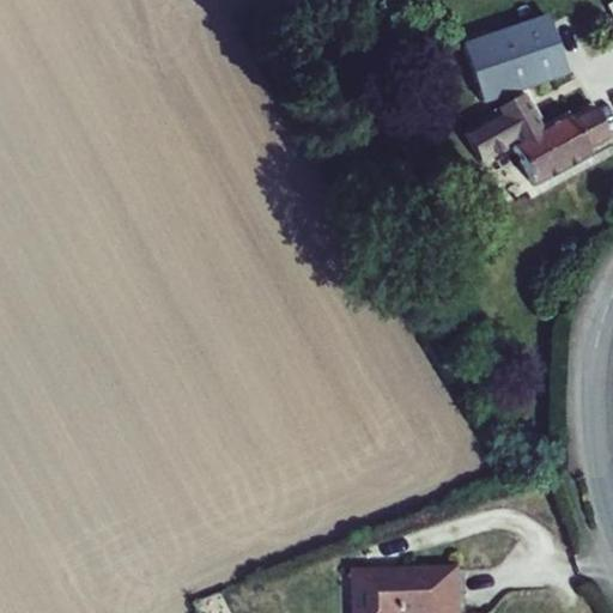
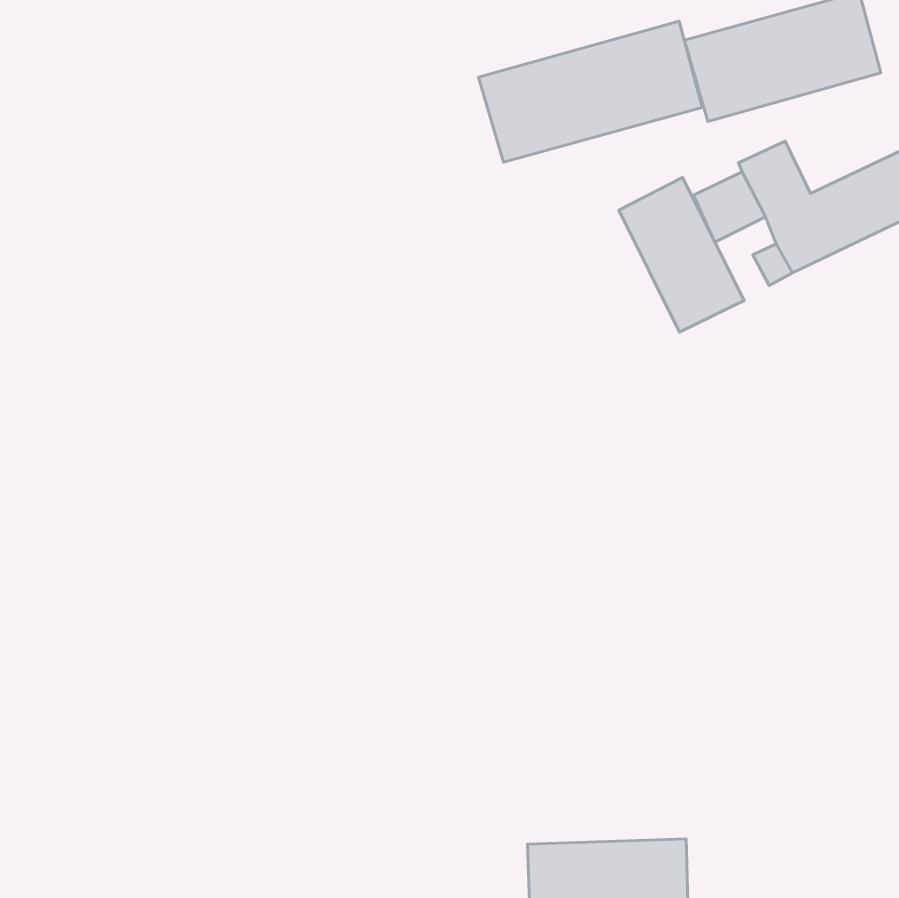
building: none -> [479,21,702,162]
building: none -> [619,177,744,332]

